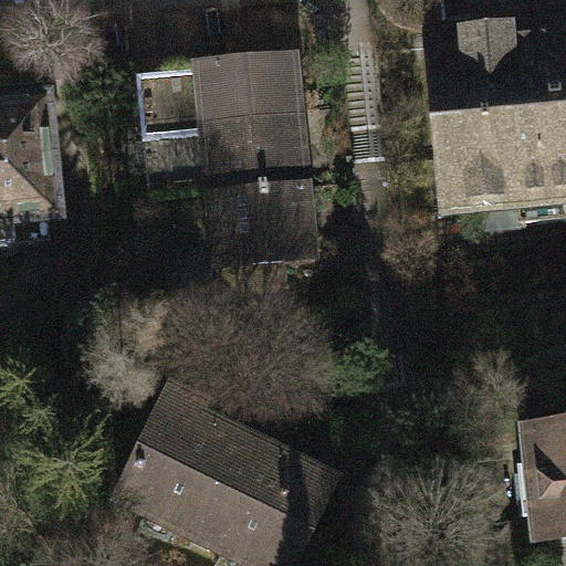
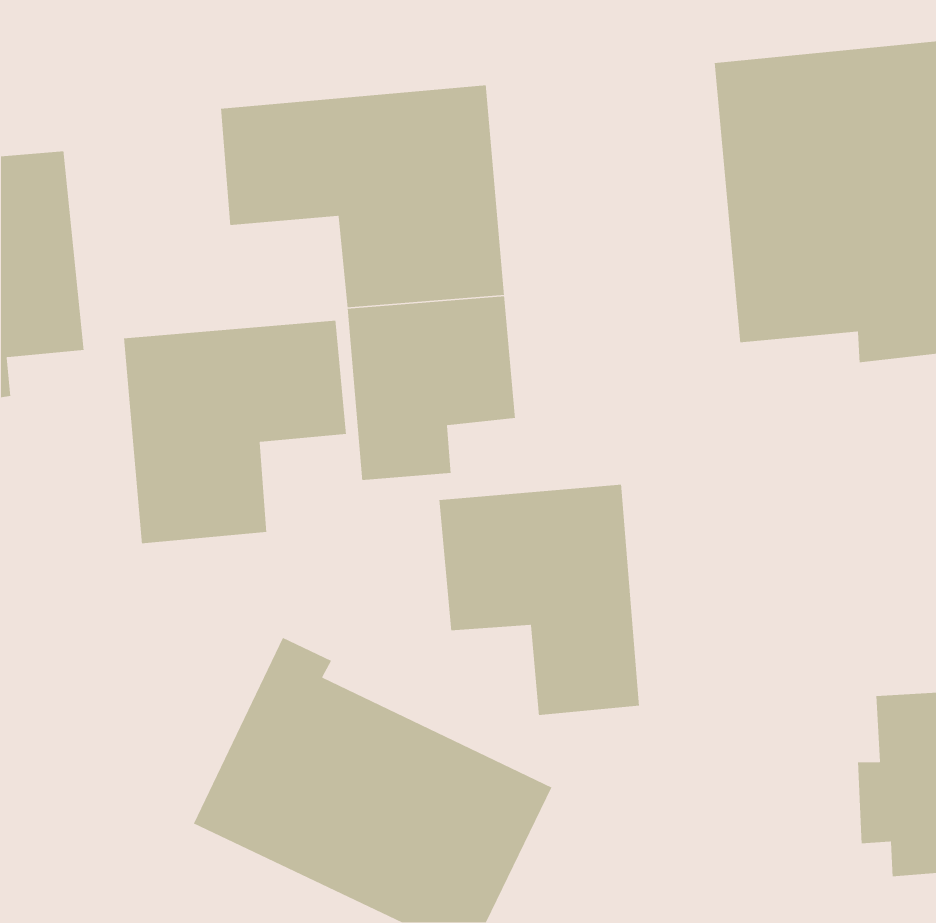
building: none -> [123,320,347,544]
building: none -> [438,484,640,716]

